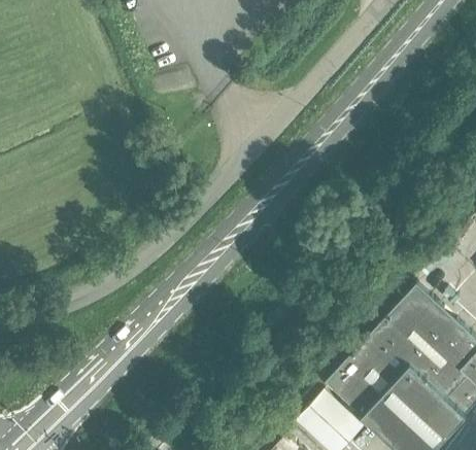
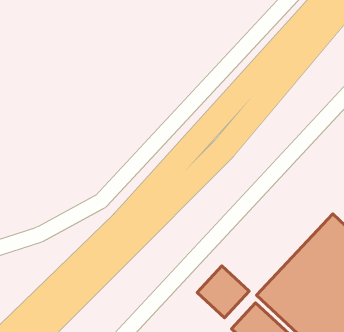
building: none -> [197,266,249,318]

